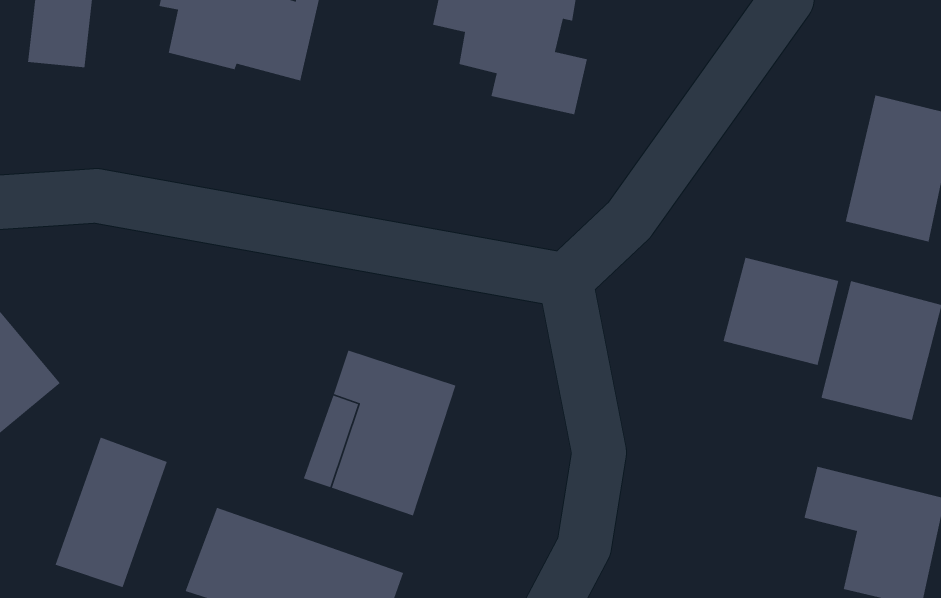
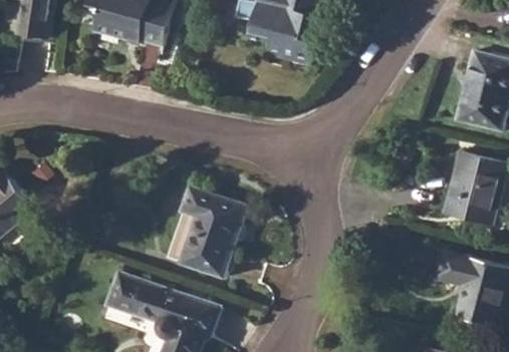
building: [723,257,839,366] -> none
building: [54,436,168,588] -> none

